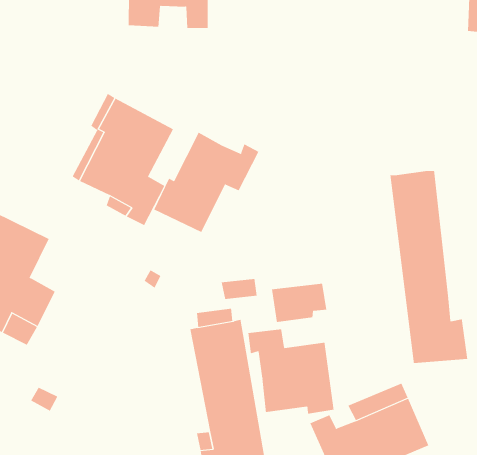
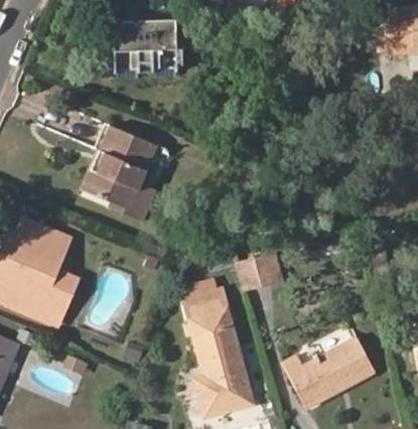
building: [154,132,259,233] -> none
building: [390,170,468,364] -> none
building: [248,328,334,414] -> none

